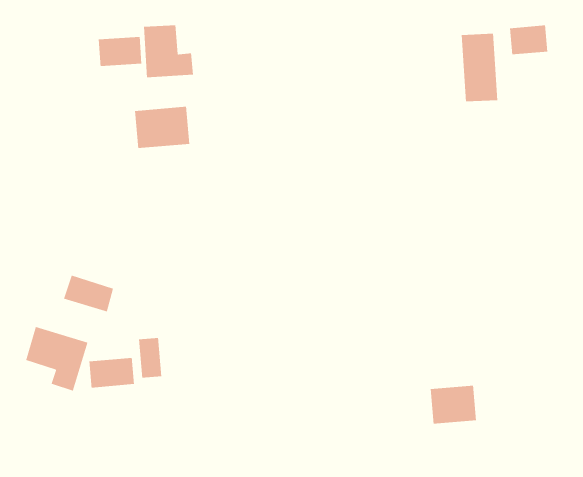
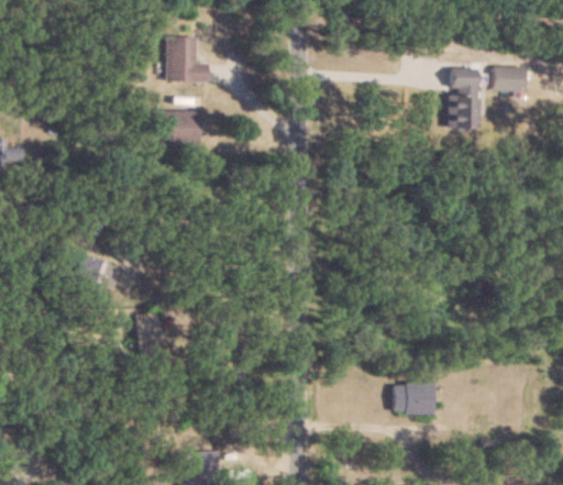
building: [98,36,142,67] -> none
building: [26,326,88,391] -> none
building: [89,357,135,388] -> none

